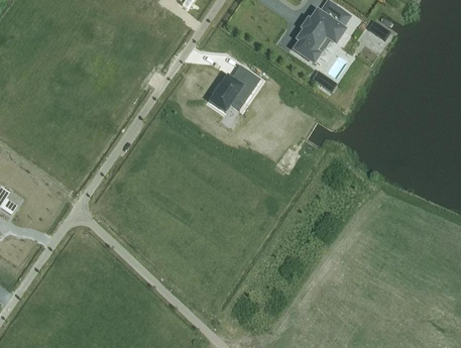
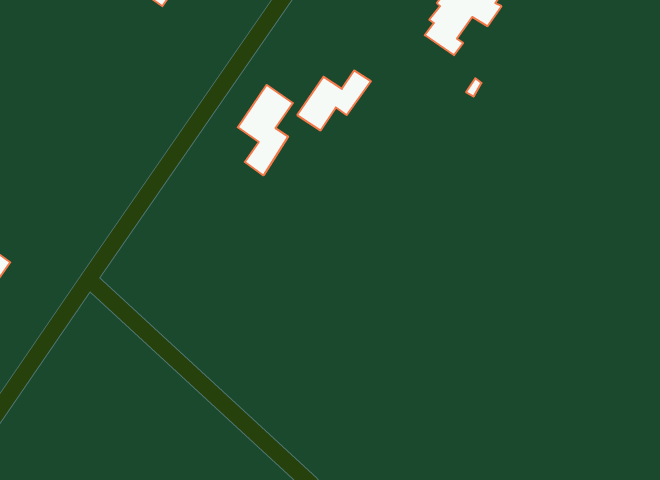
building: none -> [238,85,293,175]

